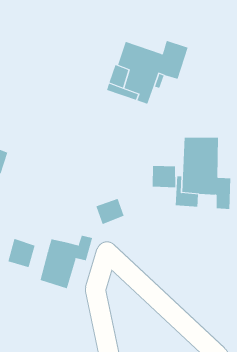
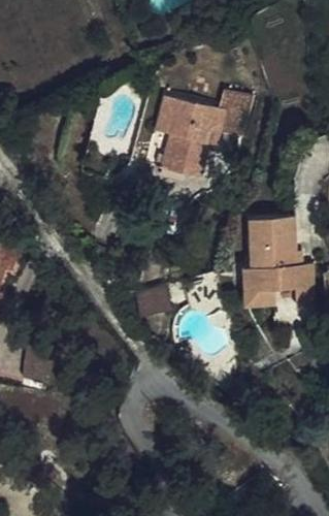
building: [152,165,176,188] -> none
building: [40,235,93,289] -> none

